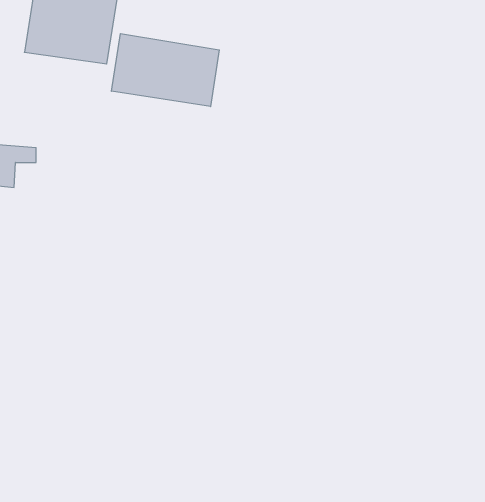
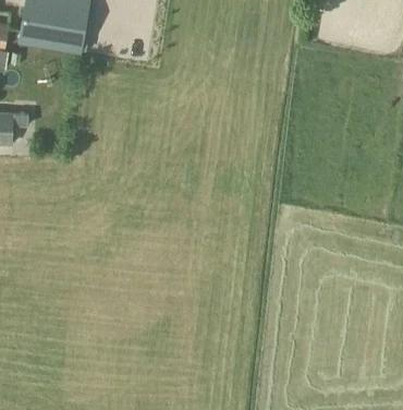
building: [111,34,219,107] -> none

